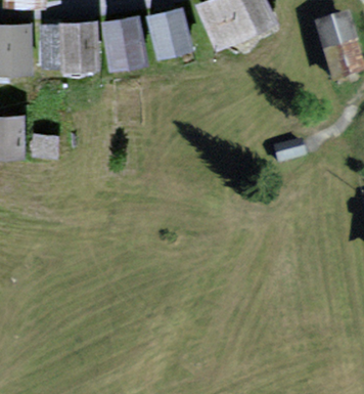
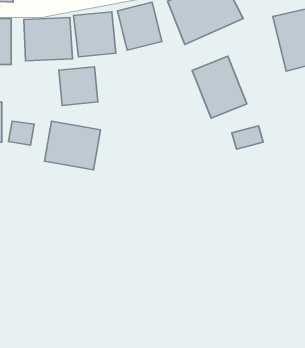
building: none -> [192,56,247,118]
building: none -> [59,67,98,105]
building: none -> [45,121,101,170]

